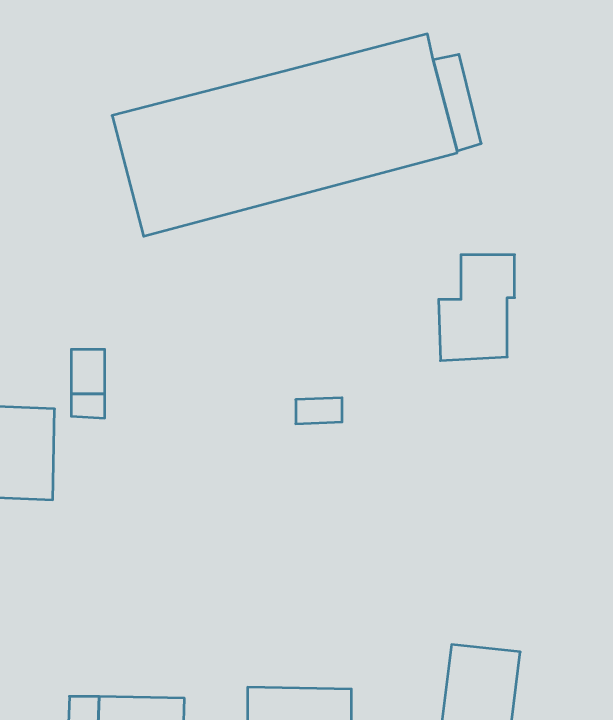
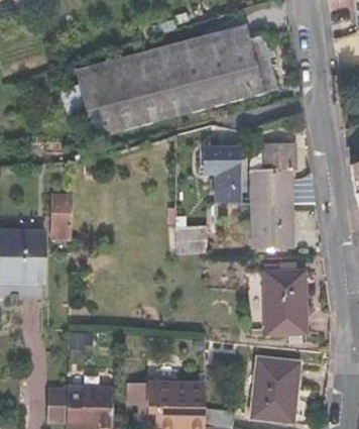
building: none -> [204,147,240,201]
building: none -> [253,202,290,246]
building: none -> [264,271,305,333]

